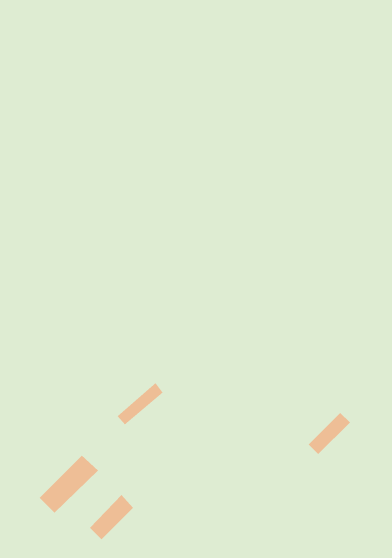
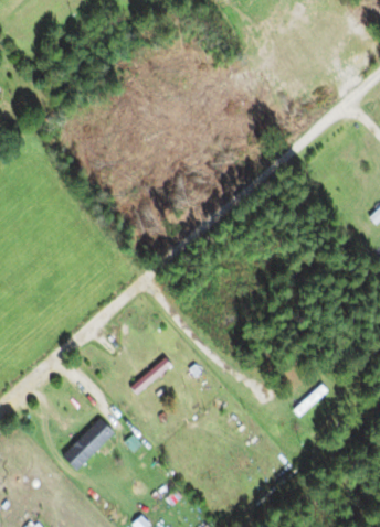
building: [89,494,134,540] -> none

